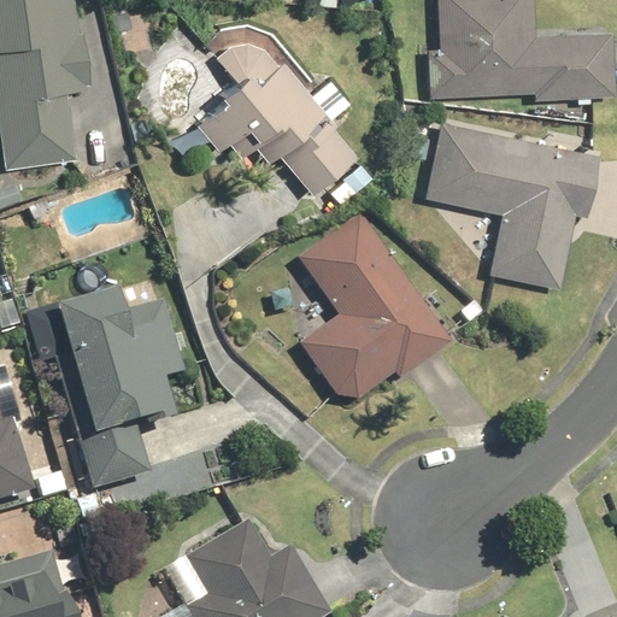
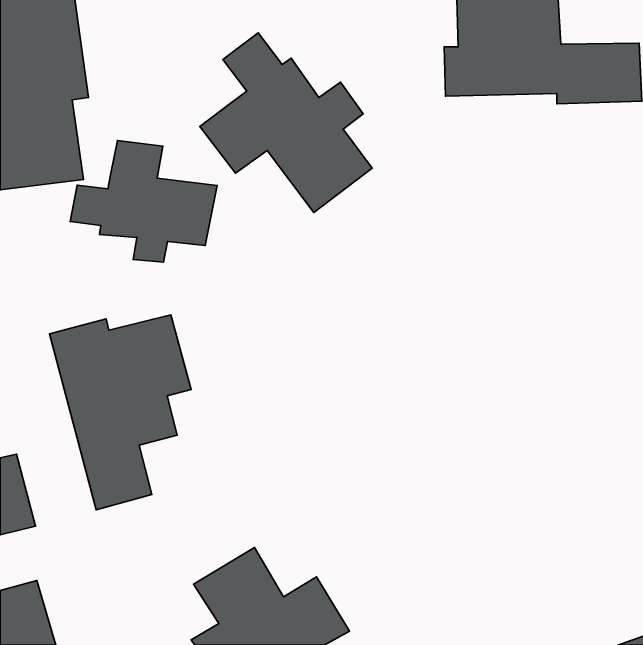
building: [423,128,604,282] -> none
building: none -> [70,141,217,262]
building: [293,208,445,399] -> none

